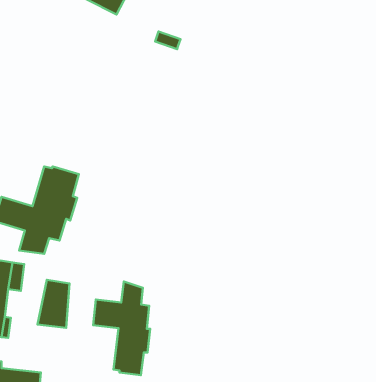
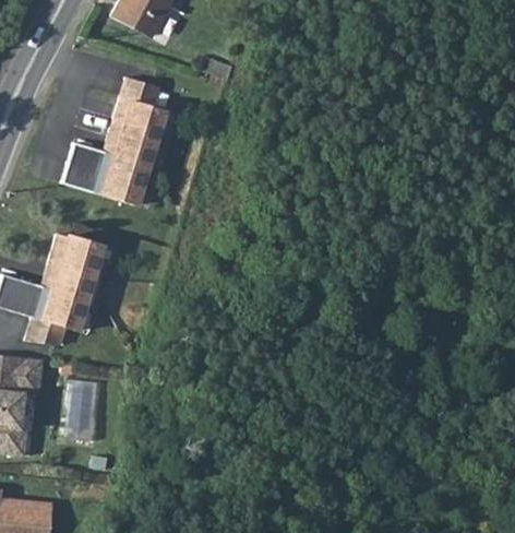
building: none -> [64,76,167,204]
building: [93,281,150,375] -> none

